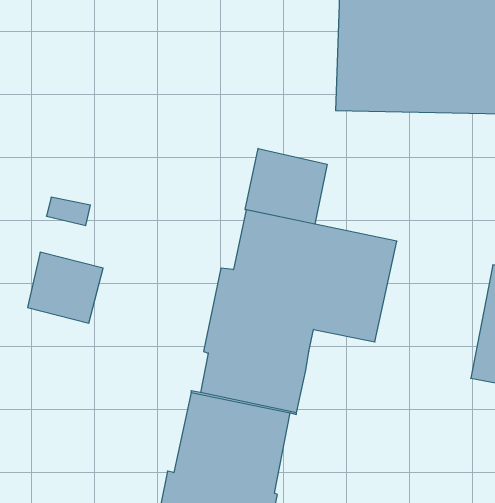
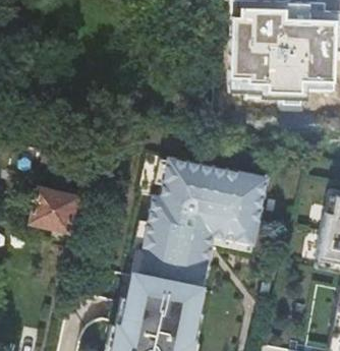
building: [245,148,327,224] -> none

